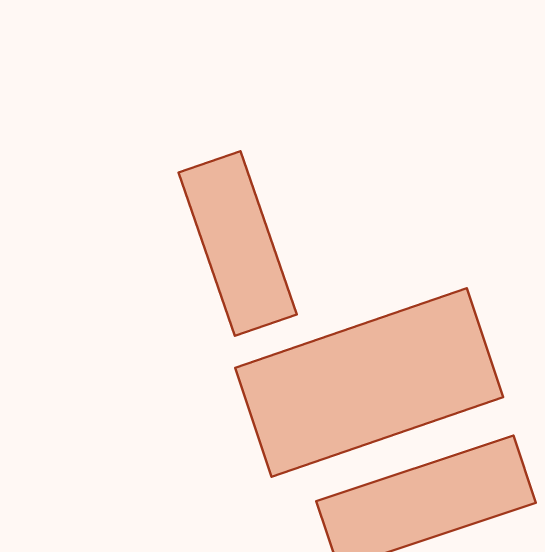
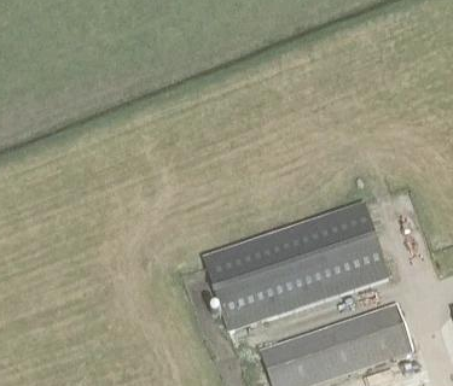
building: [179,151,297,336] -> none

